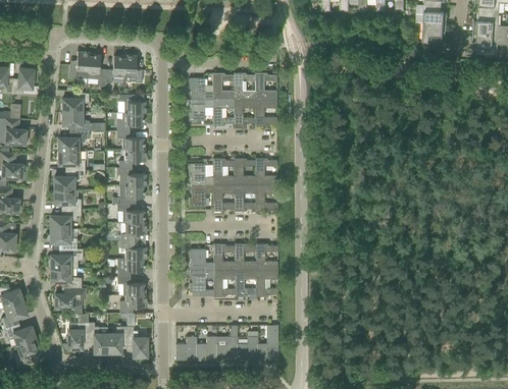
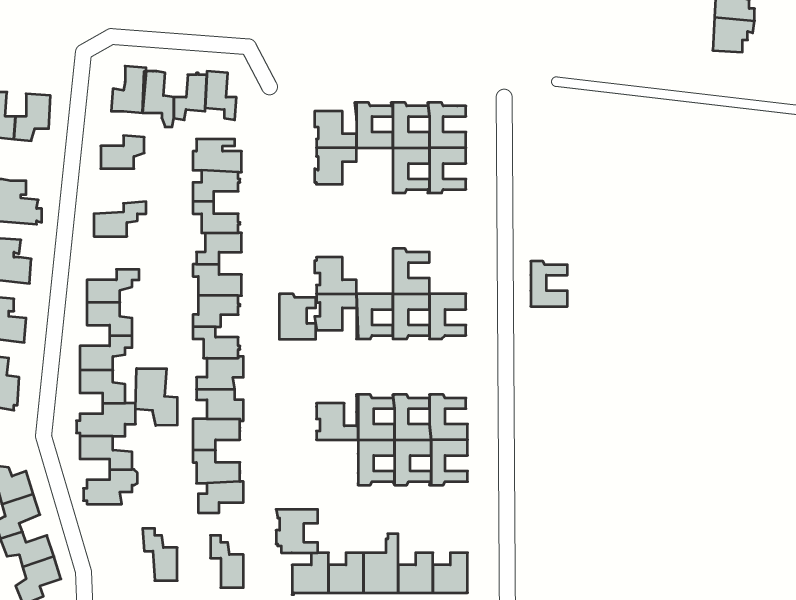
building: [213,99,235,125] -> none
building: [63,111,95,131] -> none
building: [59,151,86,170] -> none
building: [213,158,235,184] -> [279,294,316,339]
building: [256,158,277,184] -> [531,261,567,306]
building: none -> [136,368,177,426]
building: [190,270,214,295] -> [276,509,318,553]
building: [66,322,89,350] -> none
building: [108,326,128,352] -> none

